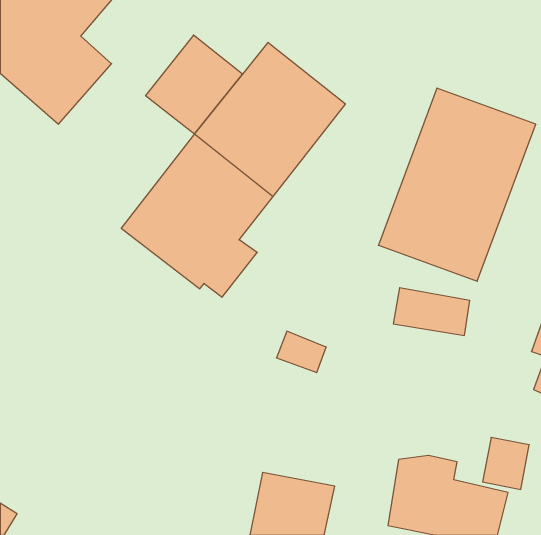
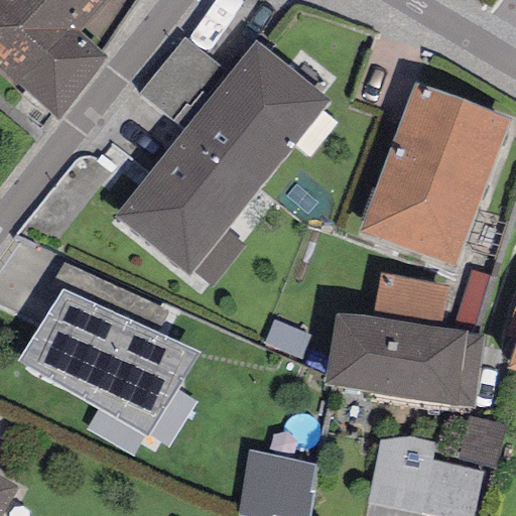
building: none -> [17,288,199,435]
building: none -> [326,316,485,409]

